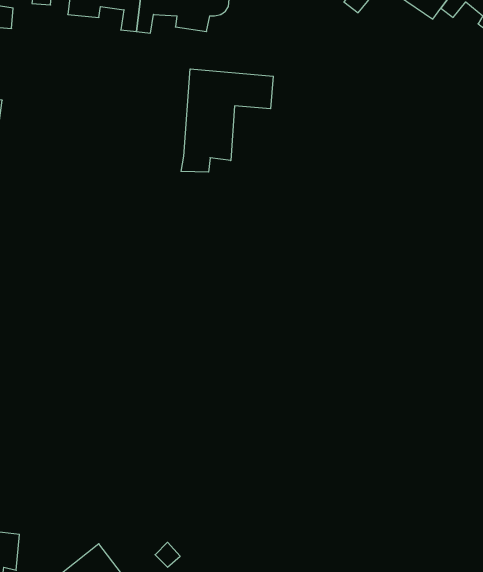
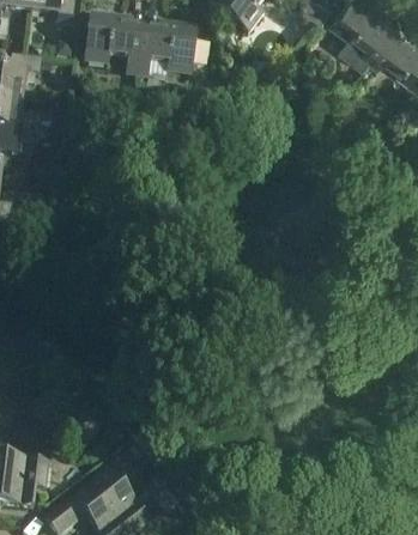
building: [181,69,273,172] -> none

